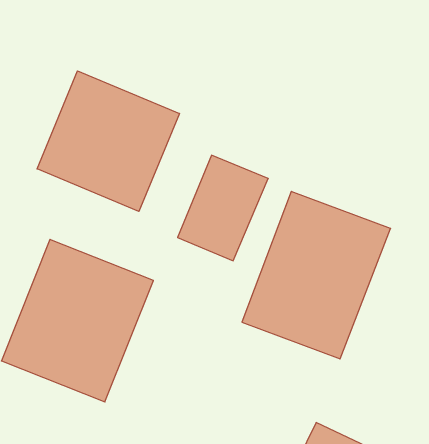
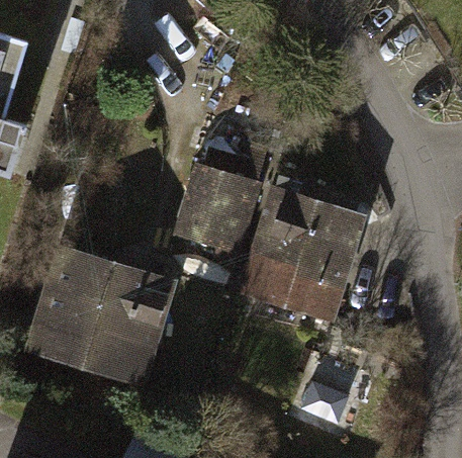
building: [37,71,179,211] -> none

